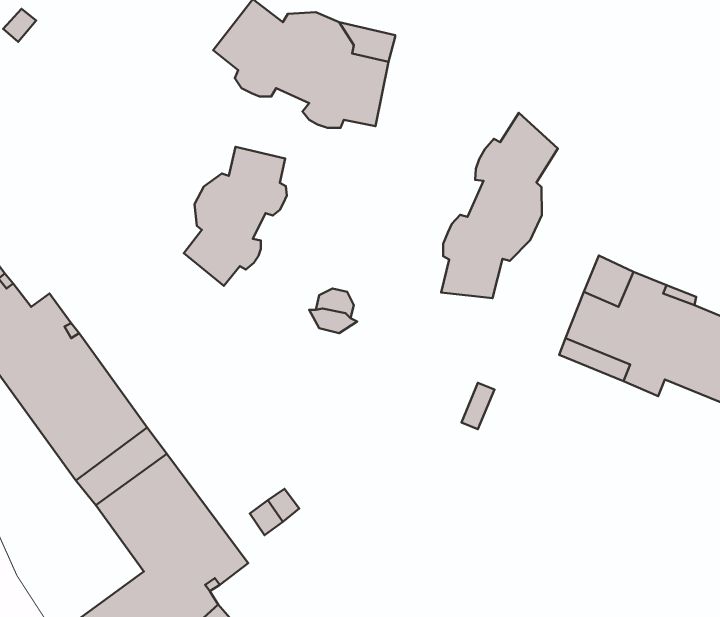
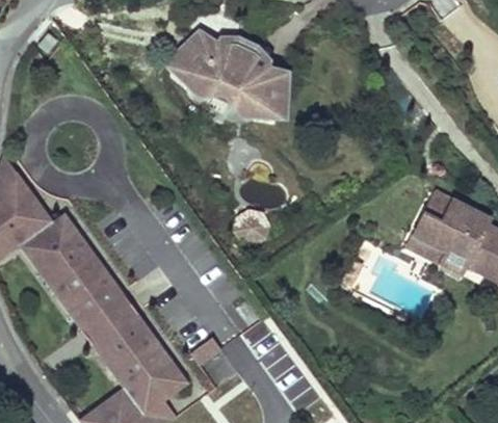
building: [441,113,558,298] -> none
building: [184,147,287,286] -> none

